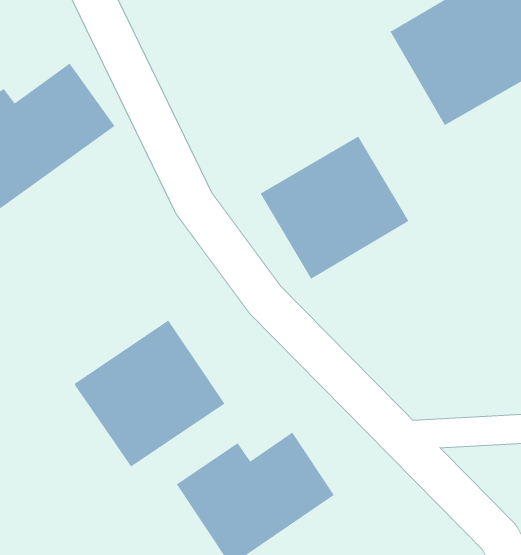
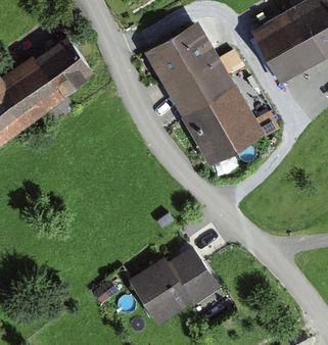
building: none -> [142,21,234,116]
building: [74,320,226,468] -> none

